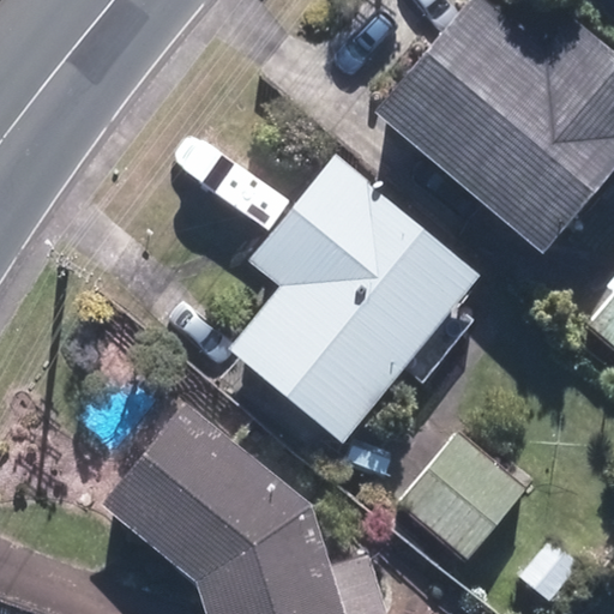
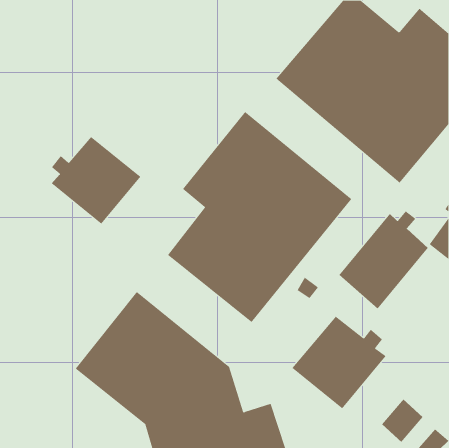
building: none -> [51,136,141,225]
building: none -> [338,210,428,309]

